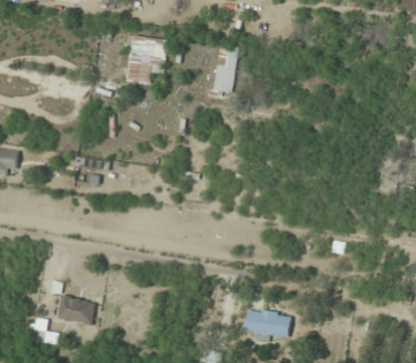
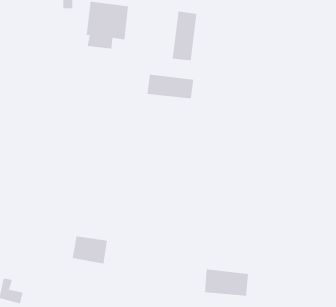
building: none -> [147,74,194,99]
building: [58,296,95,325] -> [72,236,108,264]

